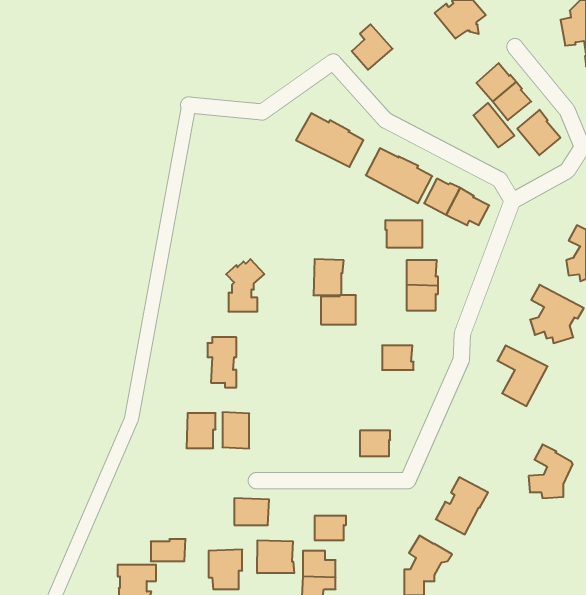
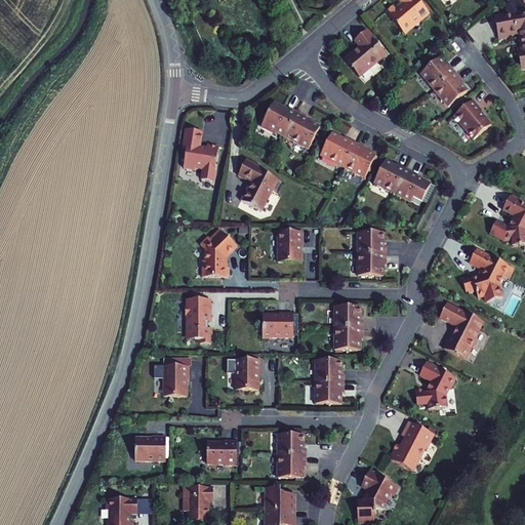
building: [352,24,393,70] -> [346,34,381,74]
building: [473,103,514,147] -> none
building: none -> [183,127,218,179]
building: none -> [238,157,281,211]
building: [386,220,422,248] -> none
building: [321,295,356,324] -> [262,312,293,337]
building: none -> [336,326,364,348]
building: none -> [317,358,345,379]
building: [222,412,249,448] -> [236,357,259,389]
building: [529,444,573,498] -> [412,362,451,409]
building: none -> [277,432,305,454]
building: [151,539,186,561] -> [135,435,166,454]
building: [257,540,294,573] -> none

